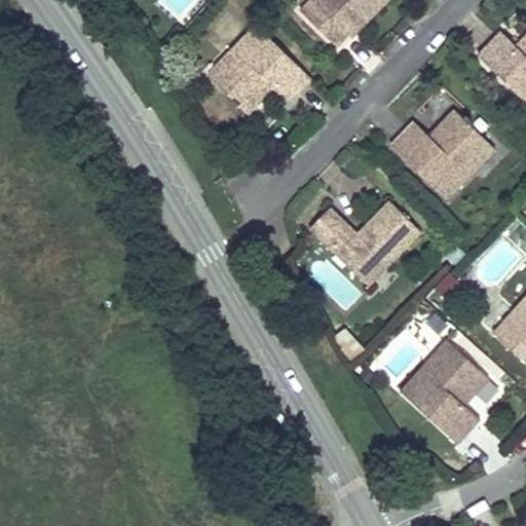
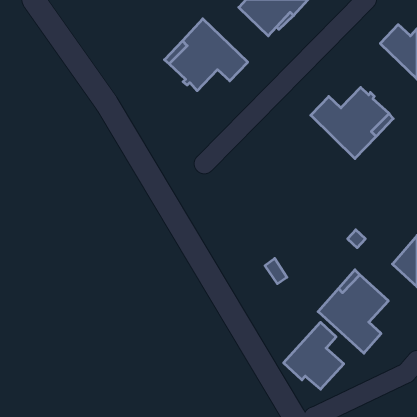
building: [309,199,420,285] -> none
building: none -> [284,322,344,389]

